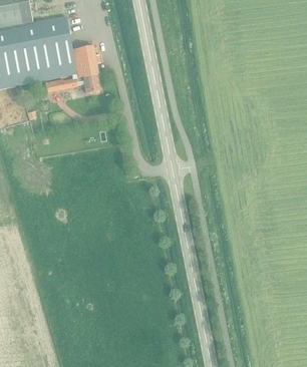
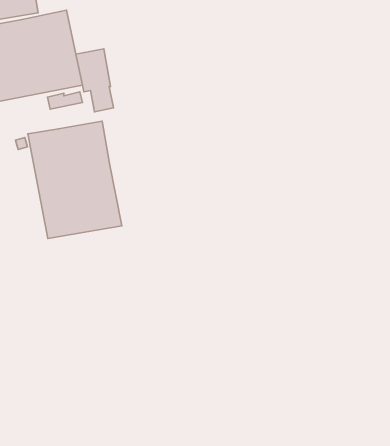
building: none -> [28,121,122,238]

